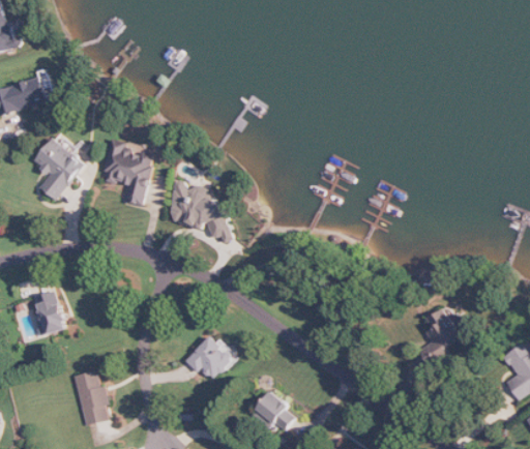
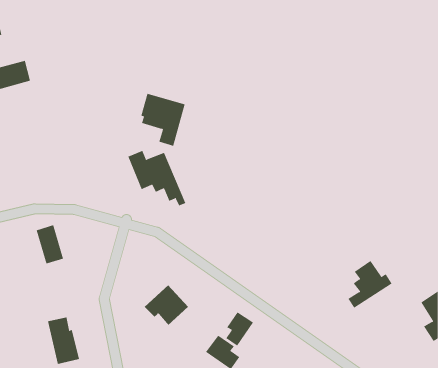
building: [34,139,84,201] -> none
building: [102,145,154,206] -> [140,93,185,146]
building: [34,290,66,335] -> [36,225,64,264]
building: none -> [225,312,254,346]

